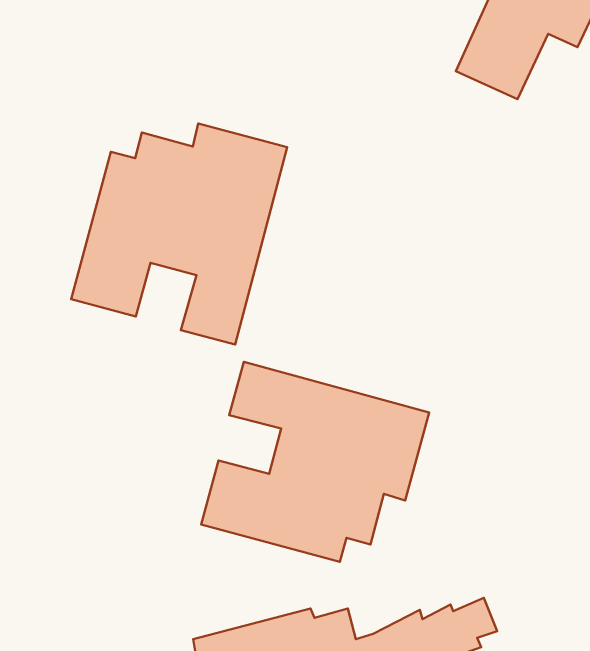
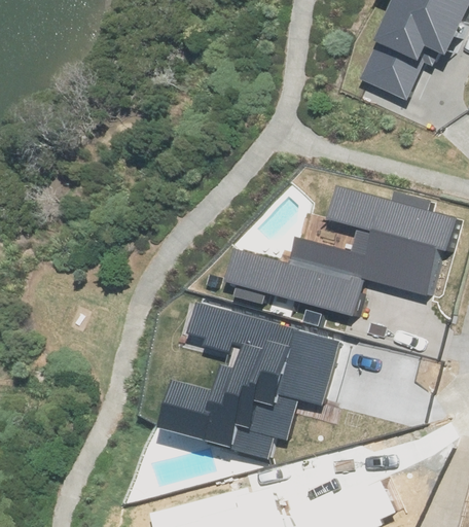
building: [71,123,287,344] -> none
building: none -> [230,185,458,310]

